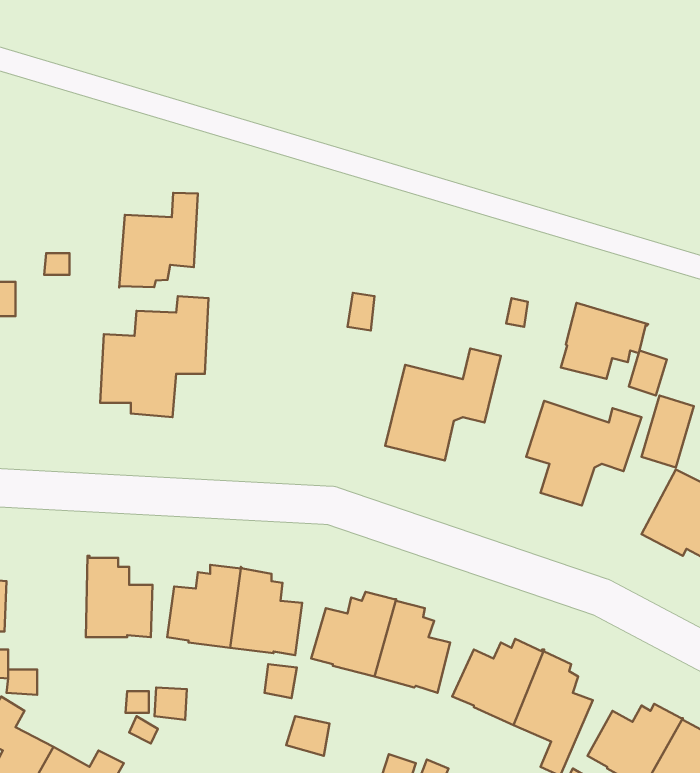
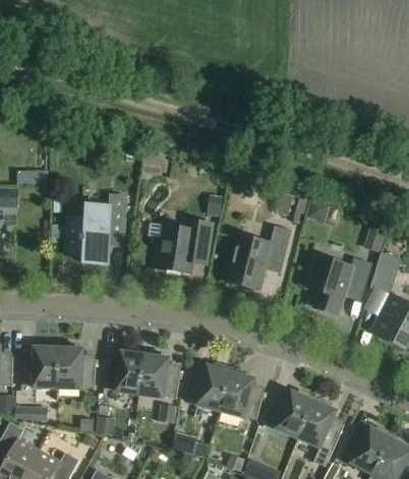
building: [119,193,198,288] -> none
building: [561,303,648,379] -> none
building: none -> [153,222,213,273]
building: none -> [21,343,59,388]

